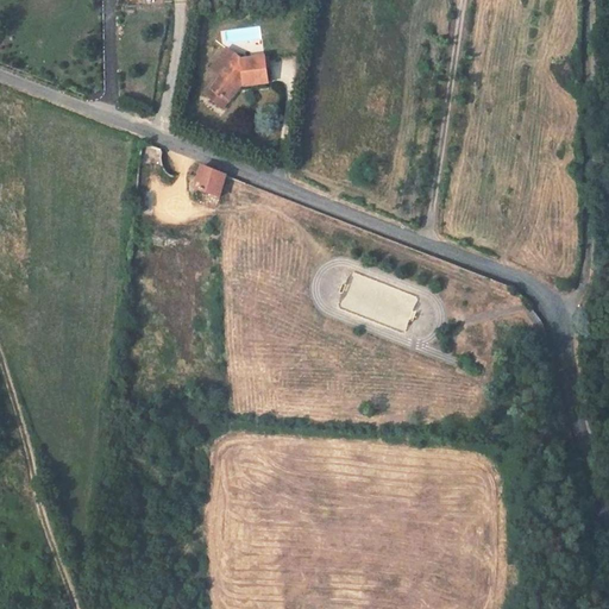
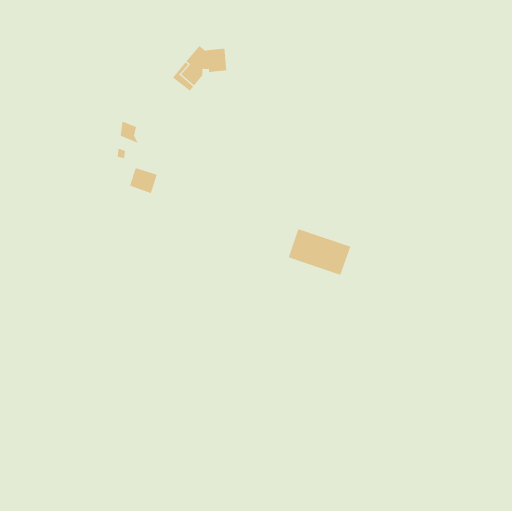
building: [190,163,224,194] -> [129,168,157,194]

